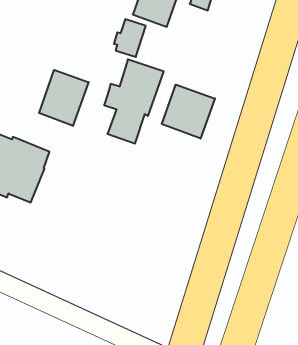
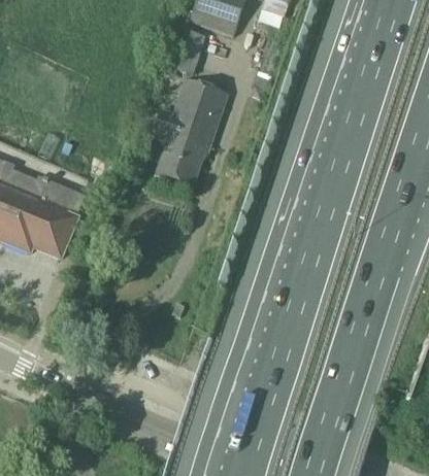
building: [39,70,89,126] -> none
building: [162,85,215,139] -> none

